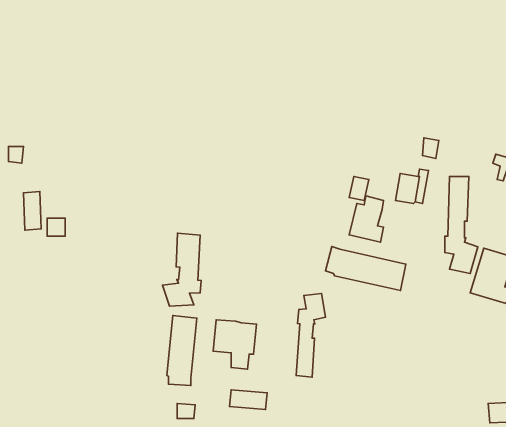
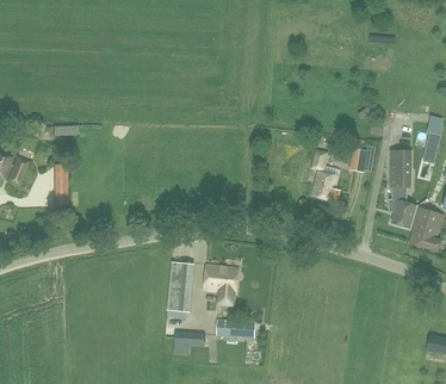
building: [163,233,201,306] -> none
building: [326,246,406,291] -> none
building: [296,293,325,377] -> none

